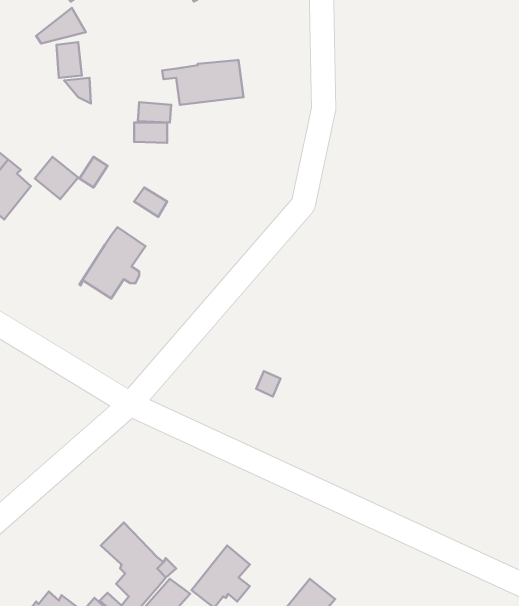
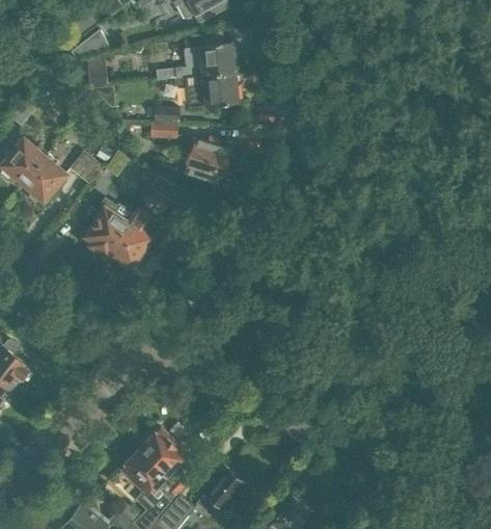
building: none -> [155,44,234,81]
building: none -> [186,139,229,183]
building: none -> [85,199,132,255]
building: none -> [141,430,184,477]

